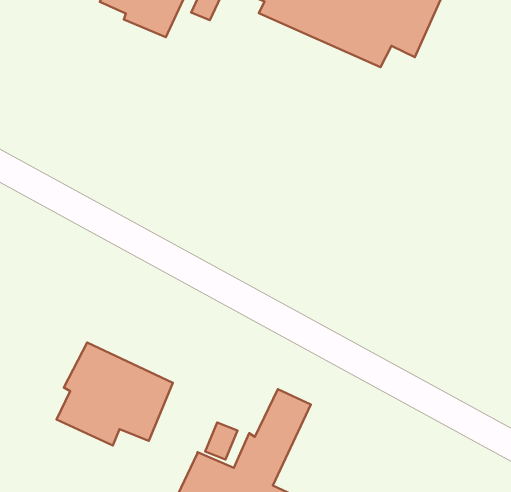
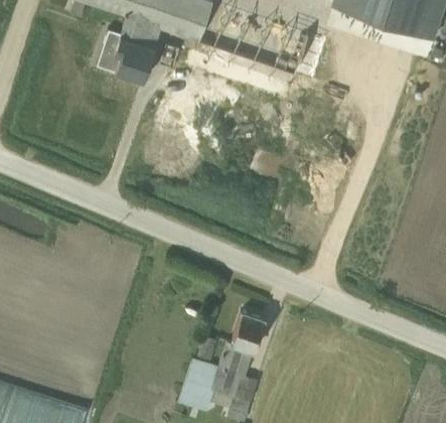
building: [56,343,173,446] -> none

